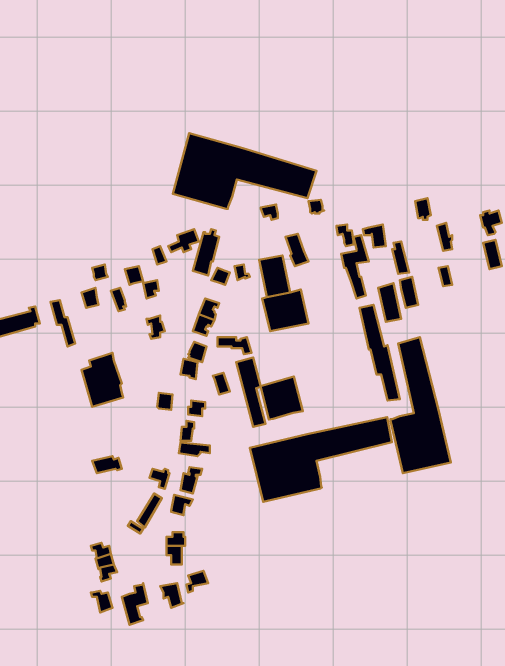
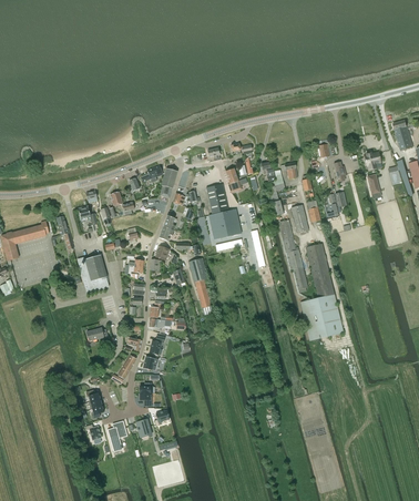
building: [173,133,316,209] -> none
building: [261,377,303,419] -> none
building: [250,417,392,502] -> none

